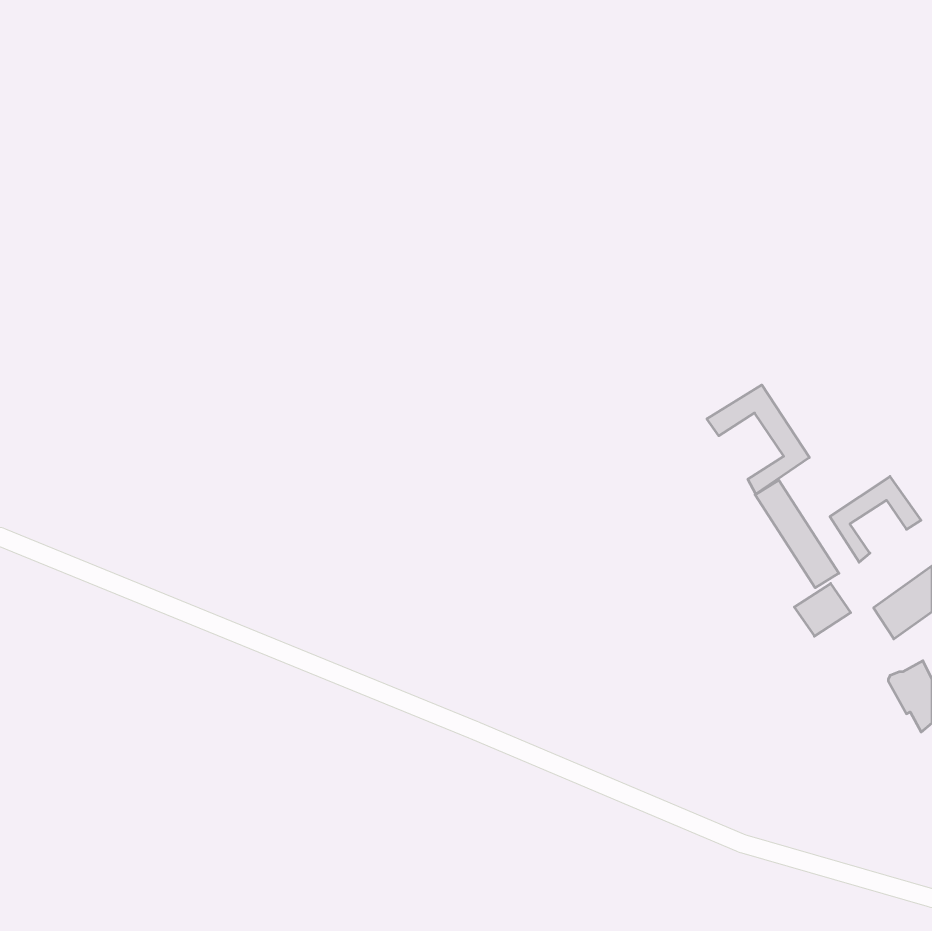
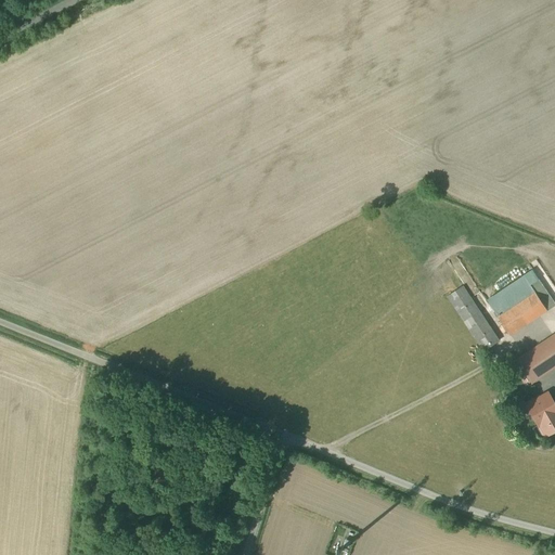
building: [707,385,809,494] -> none
building: [794,583,851,636] -> [505,297,539,328]

